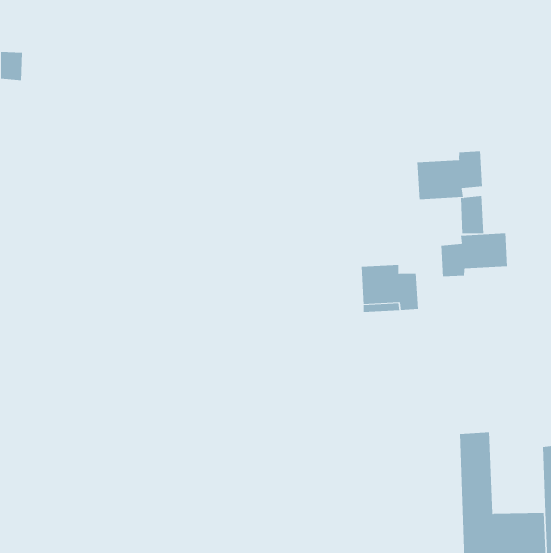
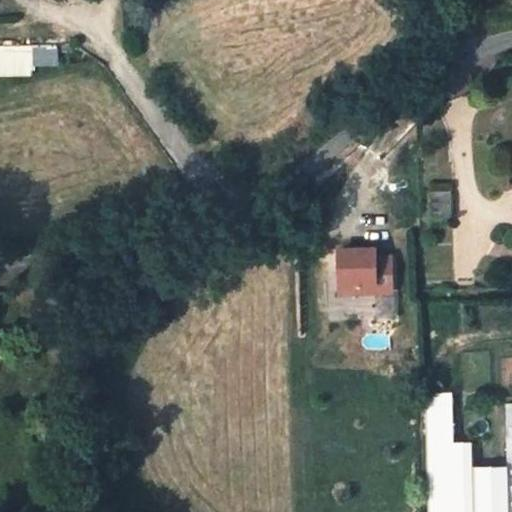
building: [417,151,482,200] -> none
building: [441,233,508,277] -> none

